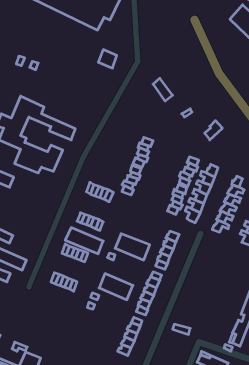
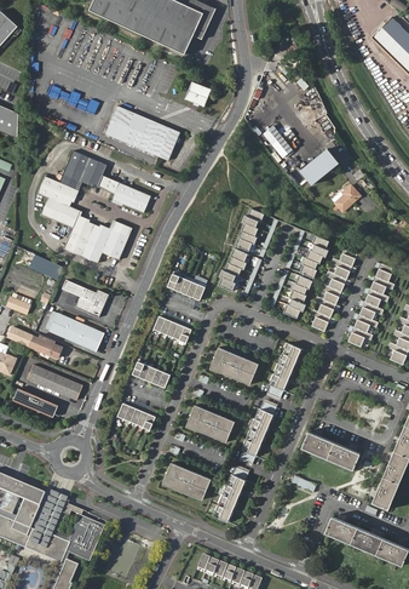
building: none -> [104,107,179,162]
building: none -> [62,281,108,318]
building: [65,228,103,254] -> [48,314,103,351]
building: none -> [303,434,359,468]
building: none -> [161,463,211,499]

